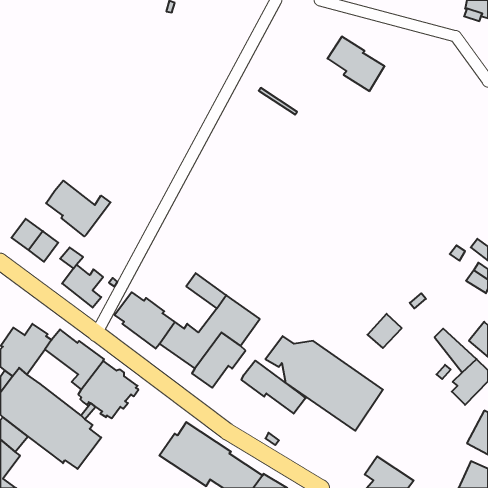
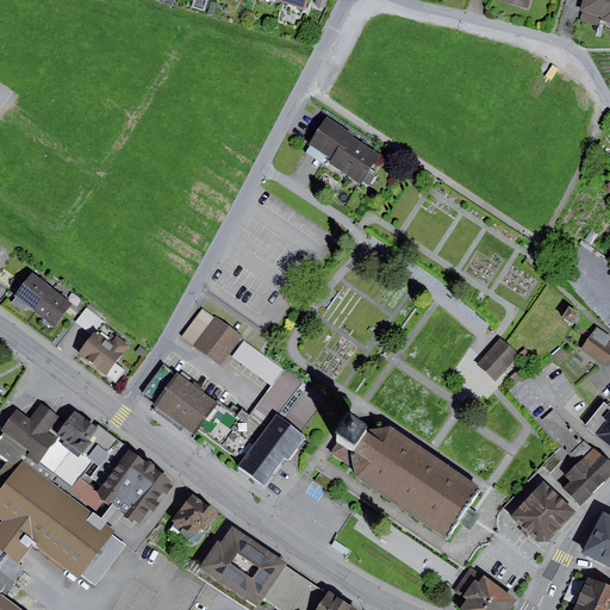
building: [327,37,385,91] -> [309,122,380,189]
building: [46,181,111,236] -> none
building: none -> [182,309,243,366]
building: [367,314,402,348] -> [477,337,519,380]
building: none -> [33,436,104,511]
building: [242,361,306,414] -> none
building: none -> [510,481,577,542]
building: none -> [173,494,218,540]

